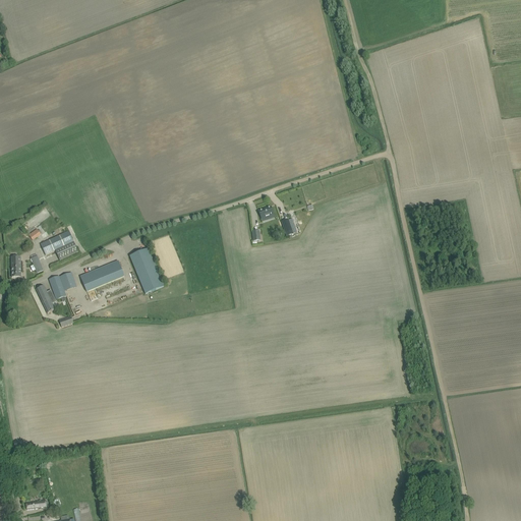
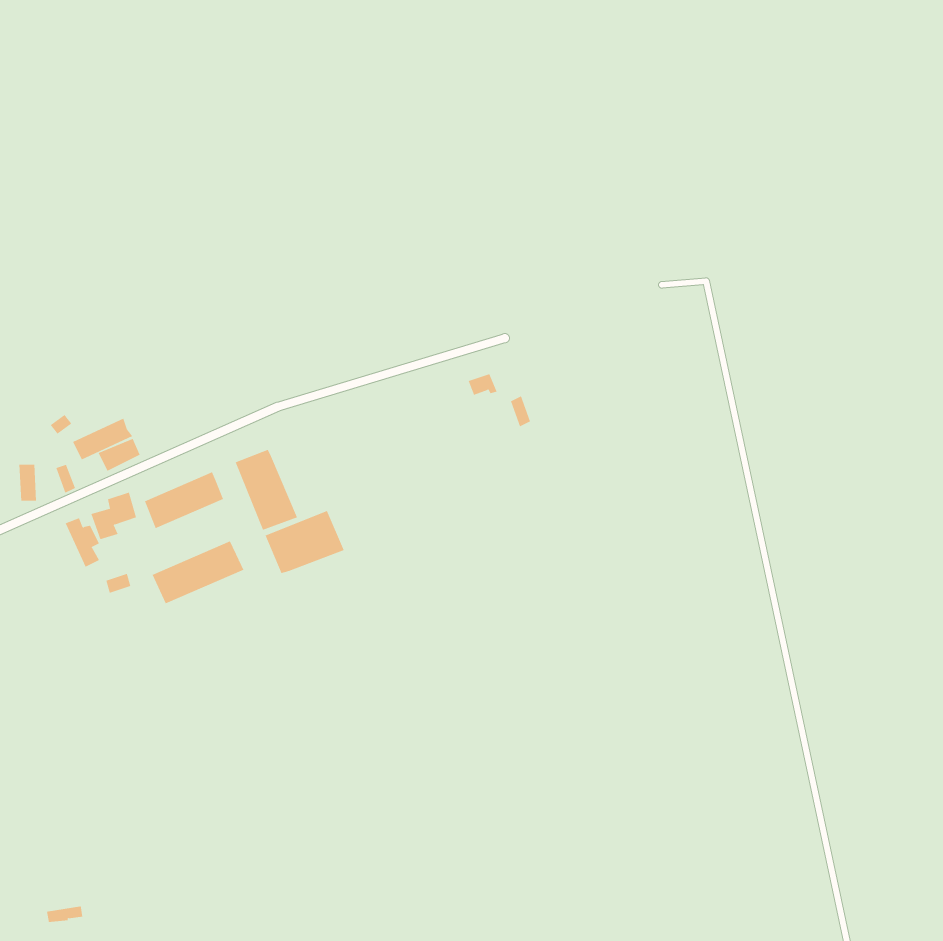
building: none -> [265,510,345,574]
building: none -> [152,541,244,604]

